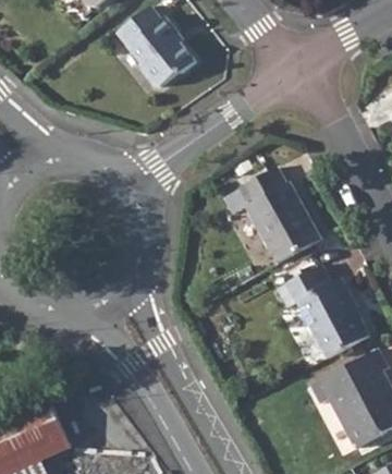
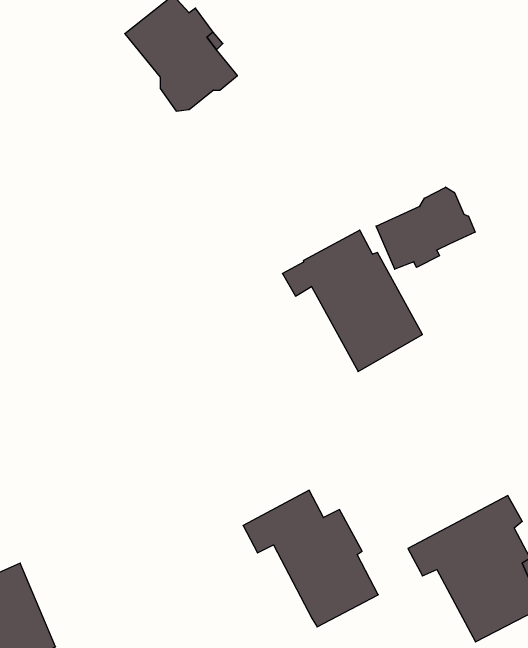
building: none -> [376,187,475,269]
building: [277,265,368,357] -> [243,490,378,627]

